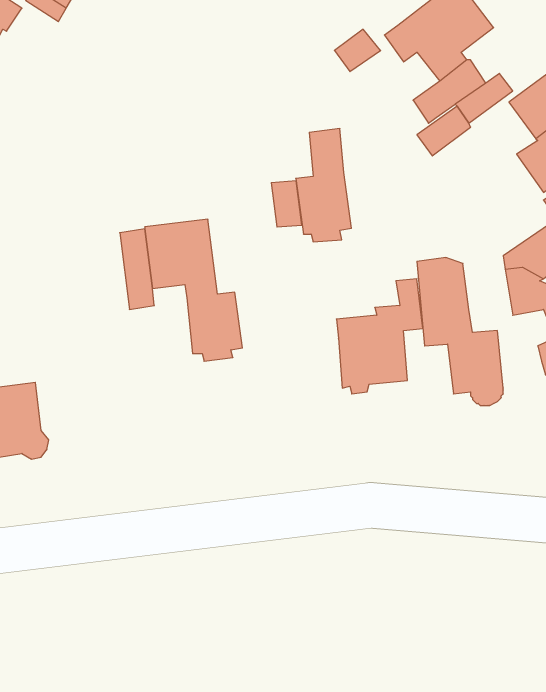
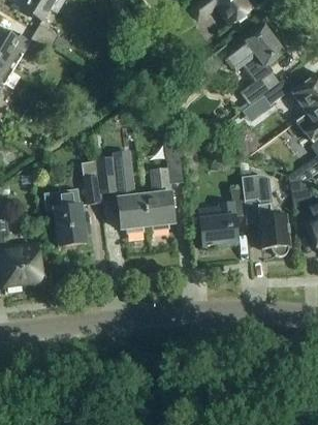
building: [296,129,351,242] -> [145,168,174,229]
building: none -> [44,187,90,247]

